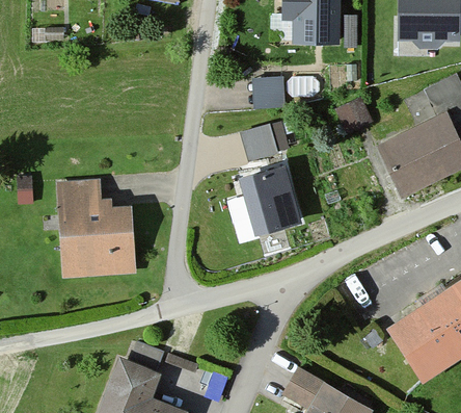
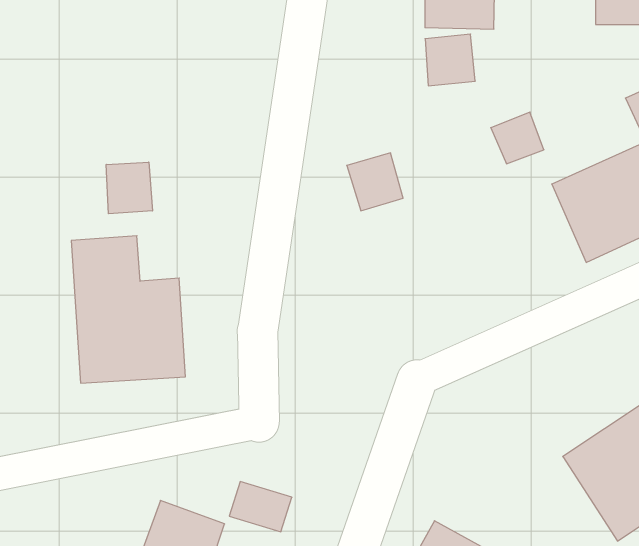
building: [253,75,287,109] -> [425,34,475,86]
building: none -> [106,162,152,214]
building: [236,165,300,236] -> none

